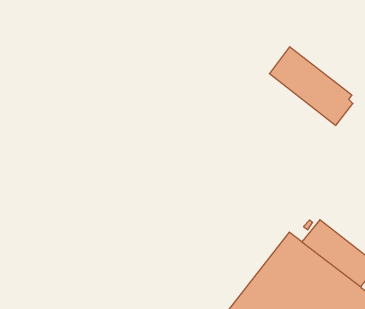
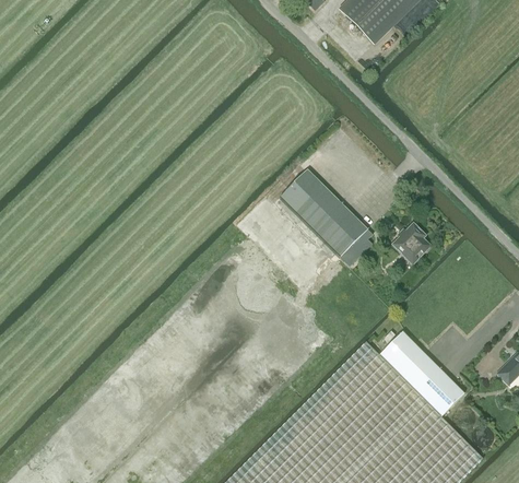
building: [269,47,353,125] -> [280,169,373,268]
building: none -> [392,224,430,266]

